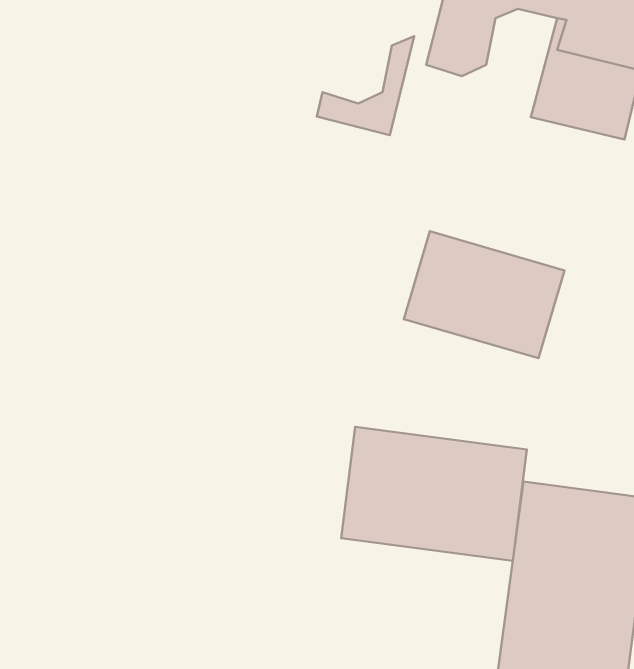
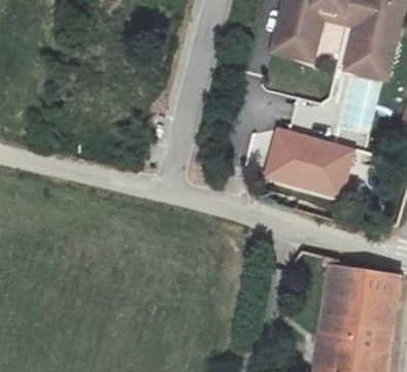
building: [317,36,414,135] -> [273,6,327,61]
building: [341,427,527,561] -> none

